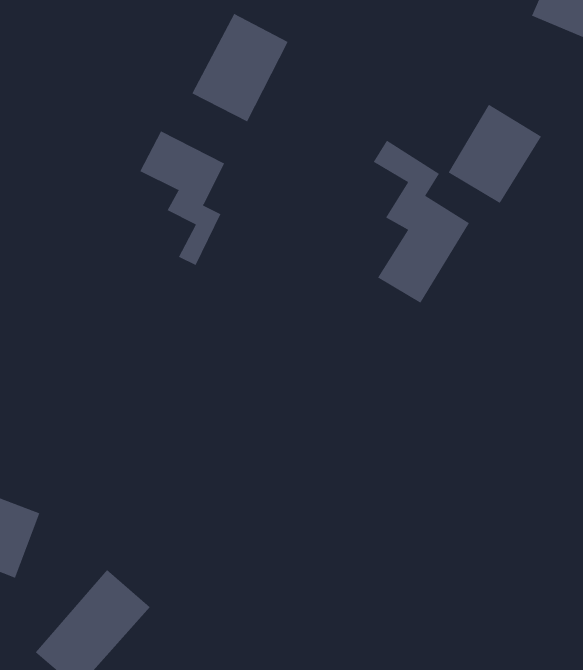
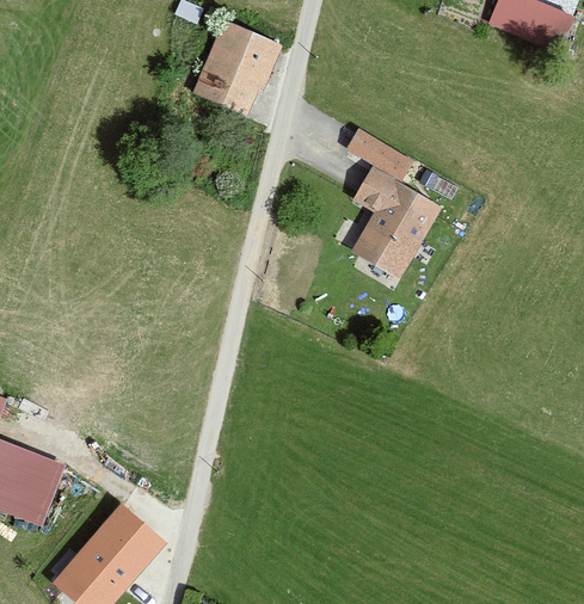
building: [448,104,542,204] -> none
building: [139,130,225,266] -> none

